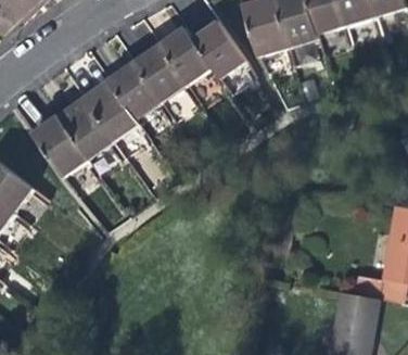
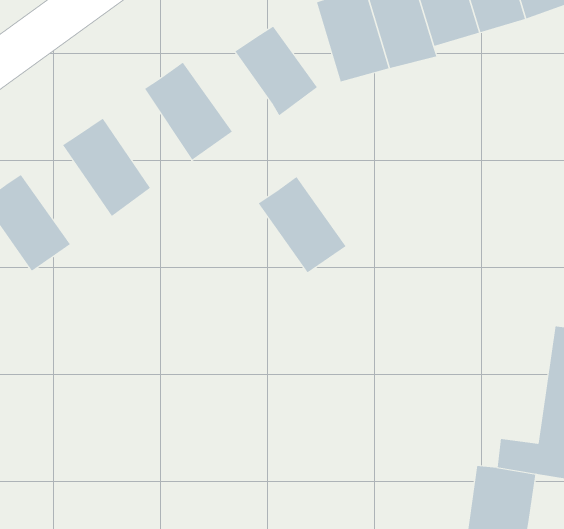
building: [157,24,214,86] -> [258,176,346,273]
building: [106,59,163,122] -> none
building: [54,94,112,157] -> none

